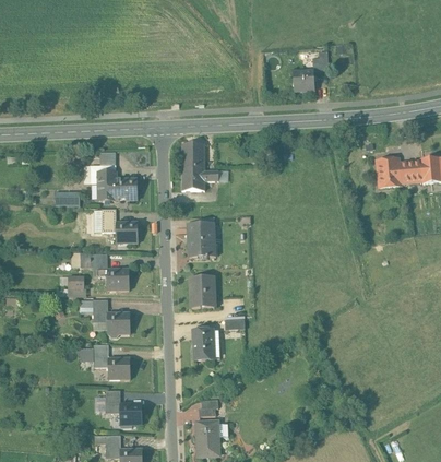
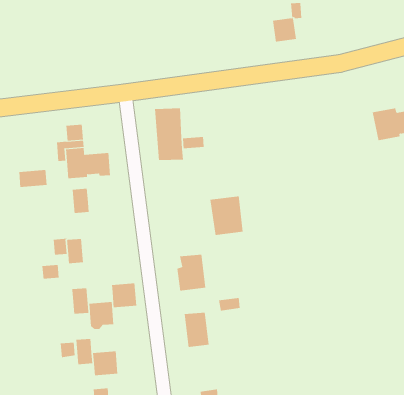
building: [116,222,138,242] -> none
building: [188,223,216,257] -> [209,196,244,235]
building: [107,269,129,289] -> [111,283,137,308]

